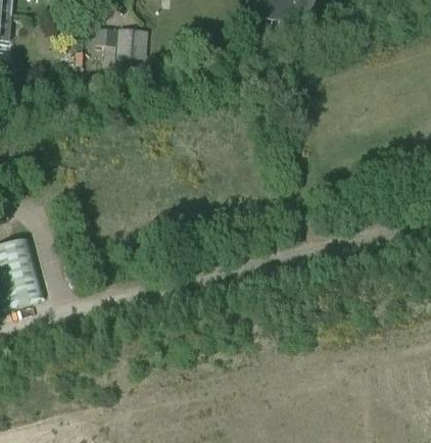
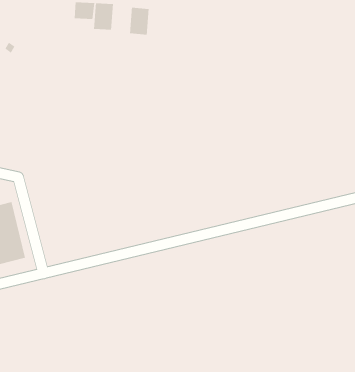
building: none -> [129,7,149,35]

